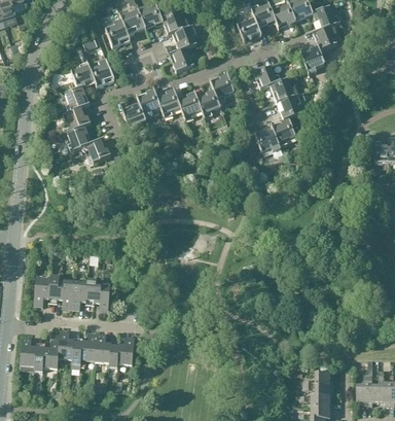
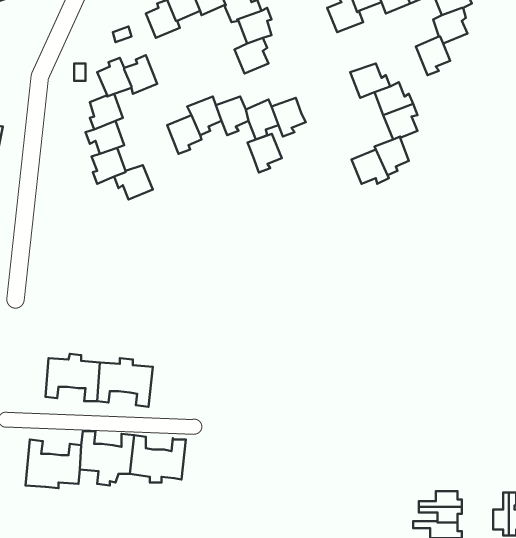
building: [210,74,235,102] -> [247,134,282,172]

